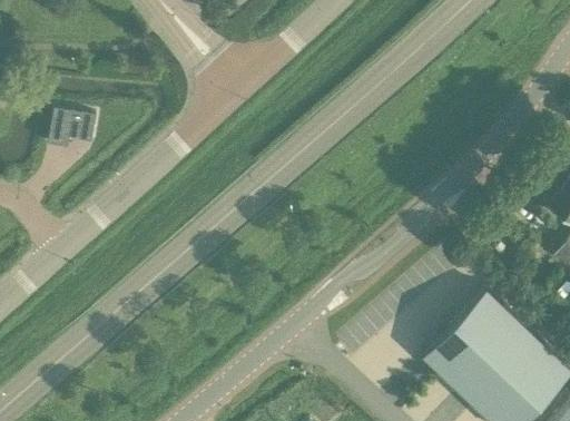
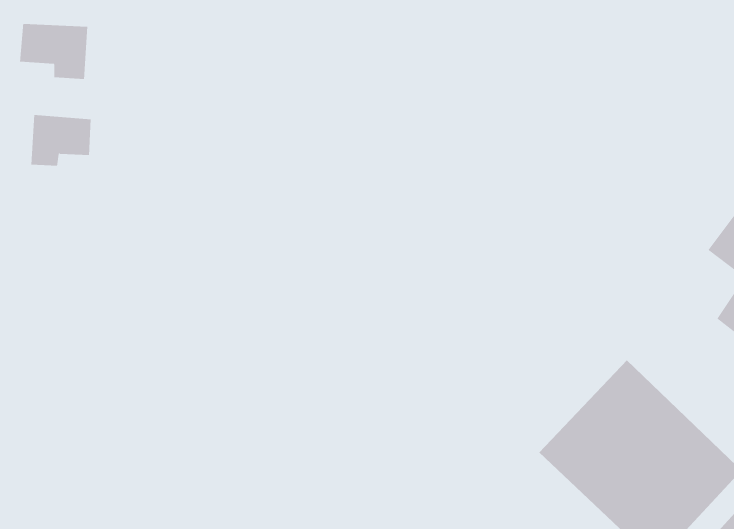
building: none -> [20,23,88,80]

